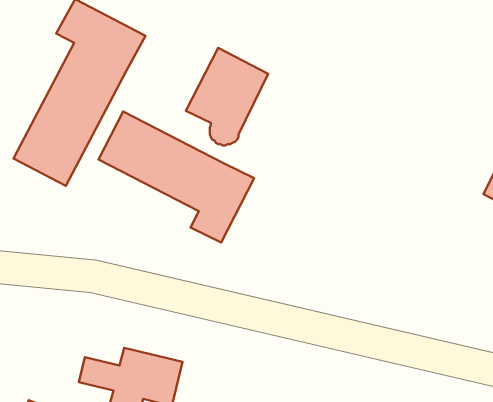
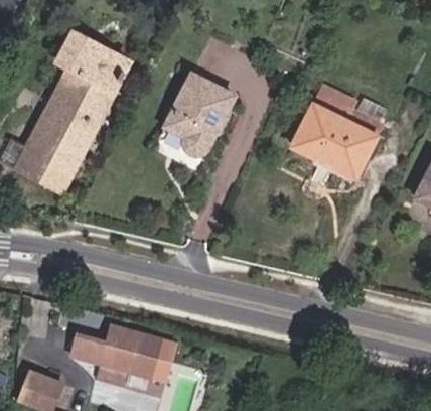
building: none -> [290,85,382,178]
building: [98,112,254,243] -> none

